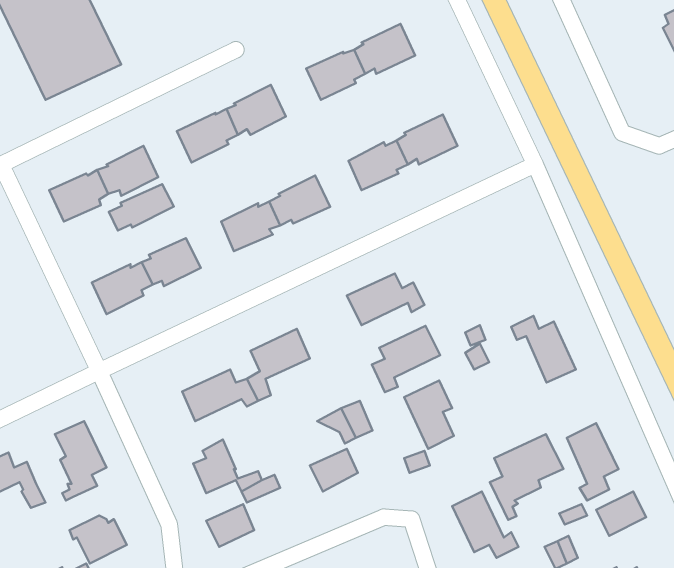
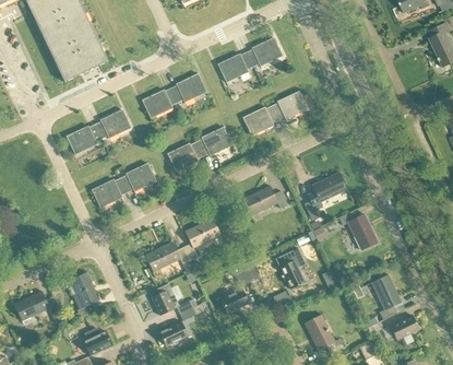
building: [109,184,174,230] -> none
building: [372,326,440,392] -> [308,170,348,210]
building: [490,434,564,520] -> none

